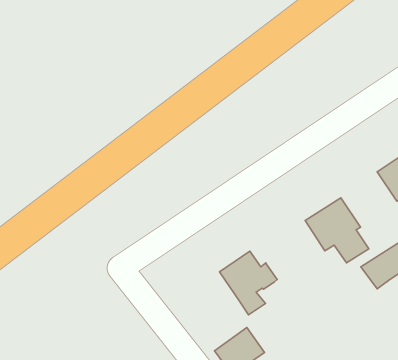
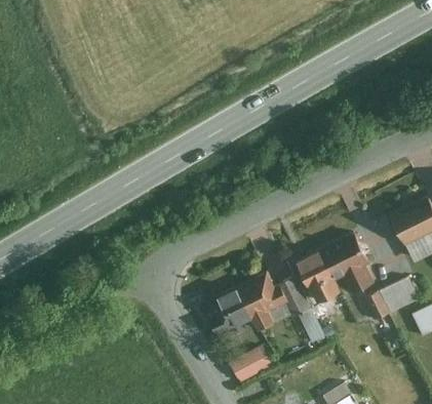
building: none -> [297,251,340,302]
building: none -> [280,278,324,342]
building: none -> [207,288,252,336]

